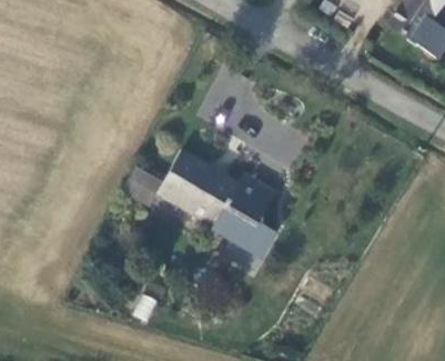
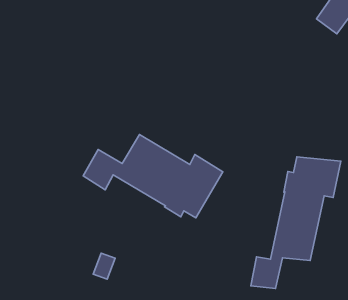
building: none -> [251,157,341,289]

